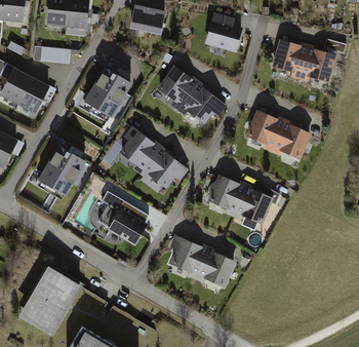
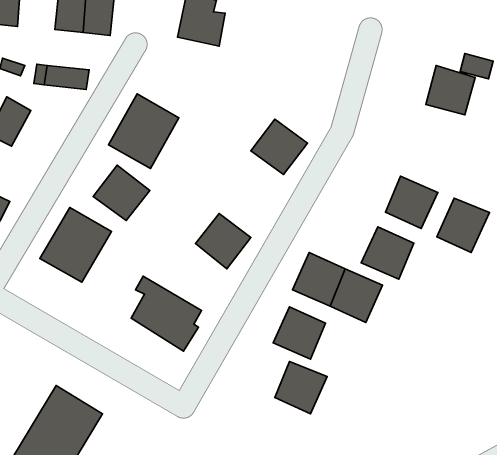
building: [206,13,241,51] -> none
building: [274,40,308,74] -> none
building: [158,67,197,106] -> none
building: [16,78,47,112] -> none
building: [247,112,283,148] -> [361,227,414,279]
building: [120,131,159,169] -> [93,165,150,220]
building: none -> [437,198,489,252]
building: [171,239,207,275] -> [273,307,326,359]

